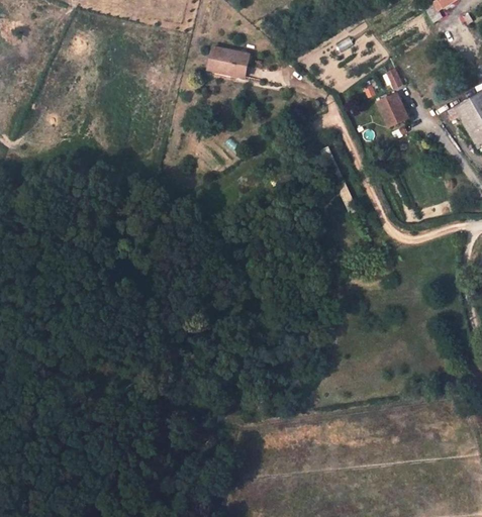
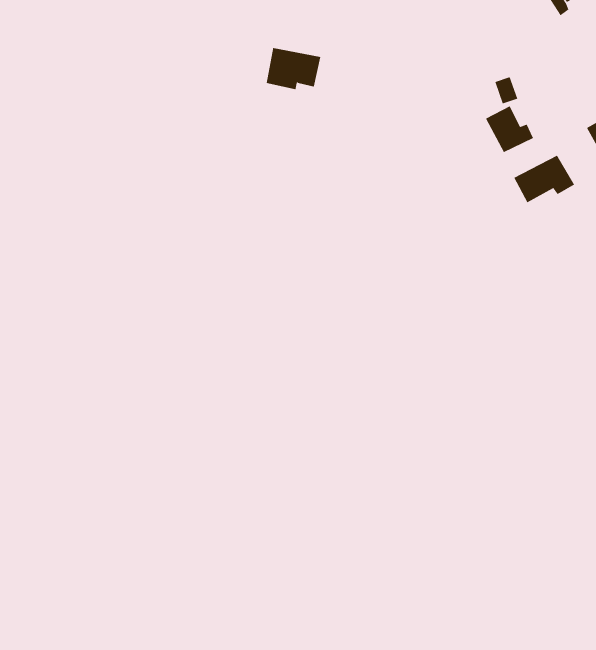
building: none -> [514,155,575,203]

